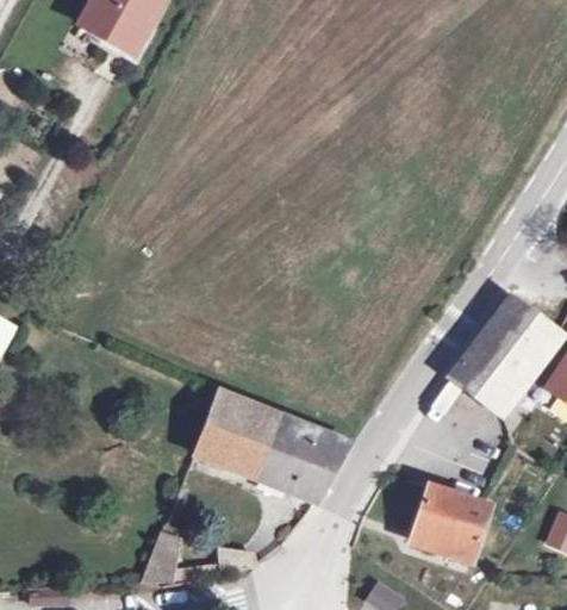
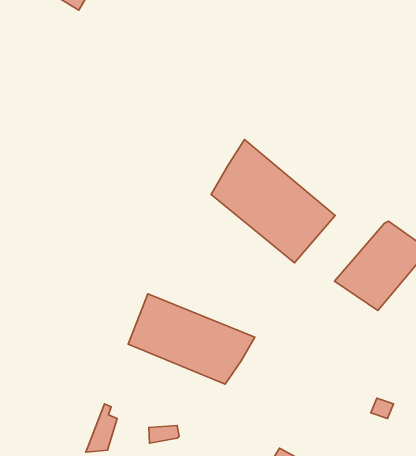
building: none -> [211,140,335,263]
building: [411,483,486,558] -> none

